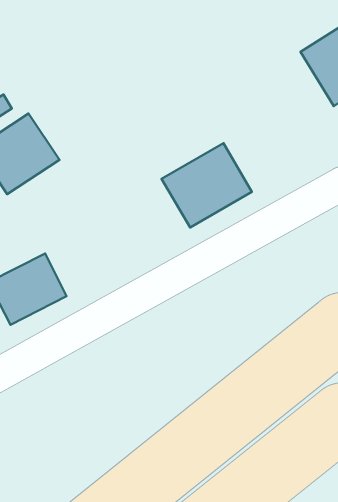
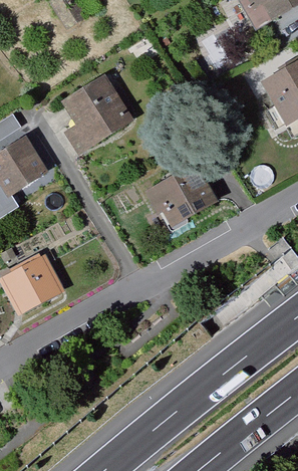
building: none -> [58,73,130,145]

